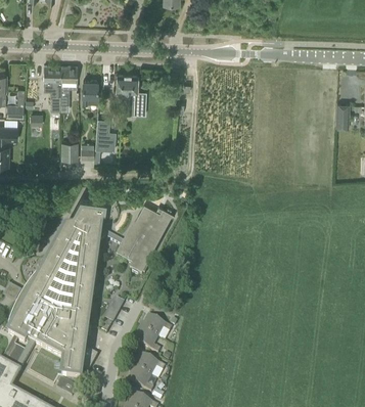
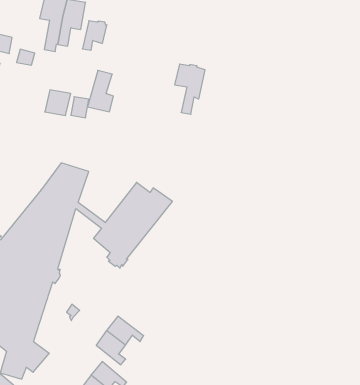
building: [116,71,138,110] -> [175,64,205,114]

